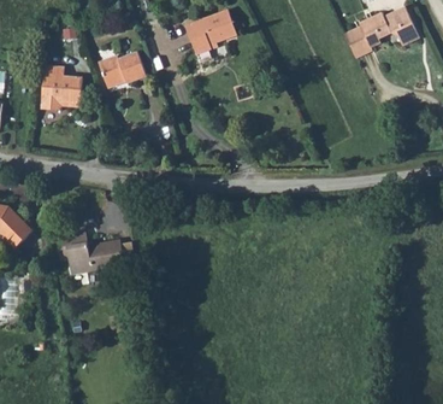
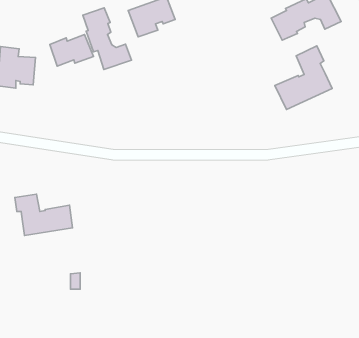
building: none -> [83,8,131,70]
building: none -> [275,46,332,110]

